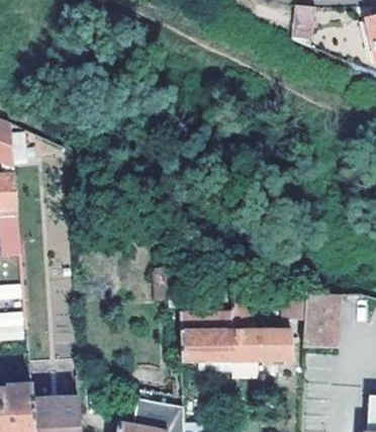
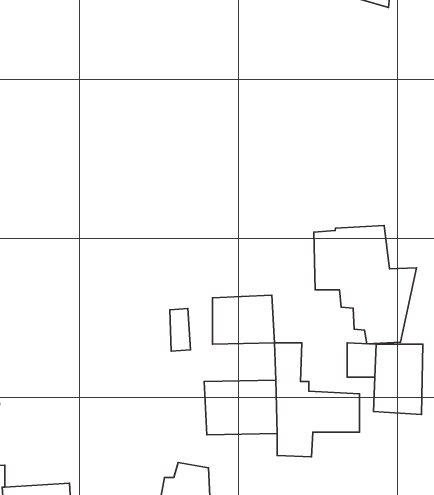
building: none -> [314,226,417,344]
building: none -> [212,295,274,344]

